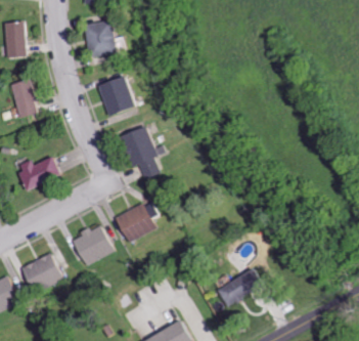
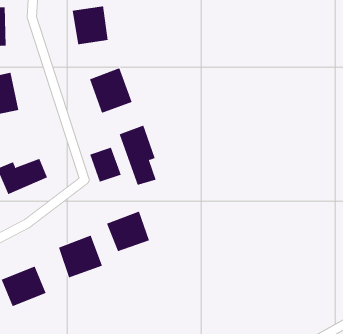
building: none -> [90,147,121,182]
building: [217,270,264,303] -> none

